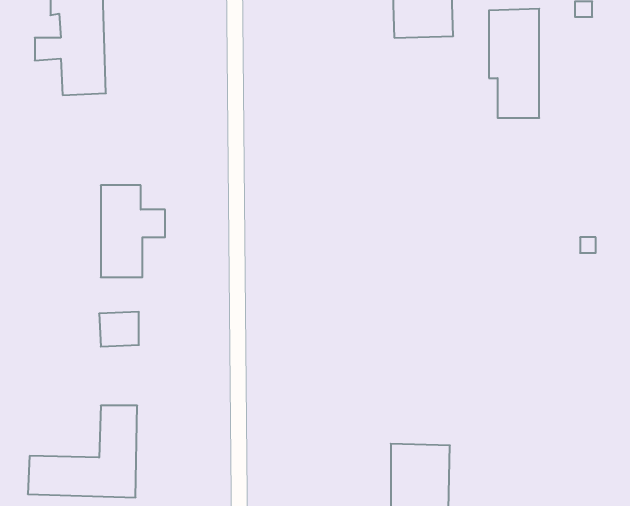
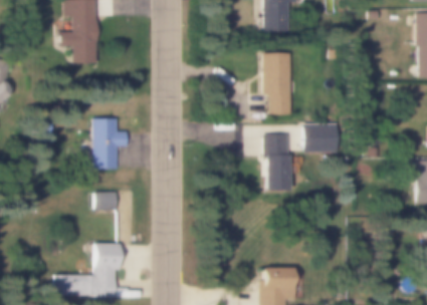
building: [489,9,539,118] -> [263,52,292,115]
building: none -> [302,121,339,151]
building: none -> [265,134,289,190]

